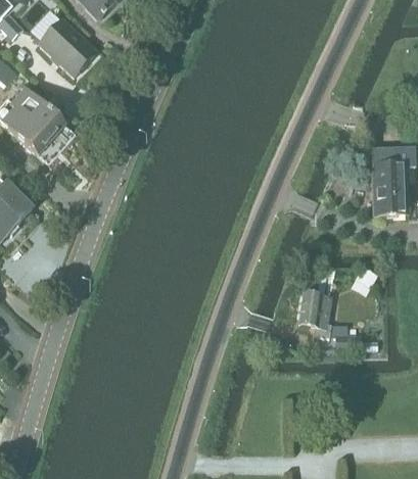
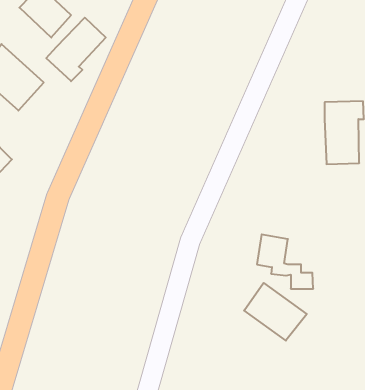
building: none -> [46,18,106,81]
building: none -> [244,283,307,341]

